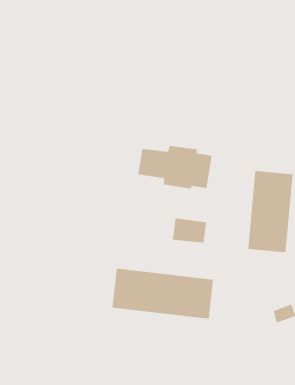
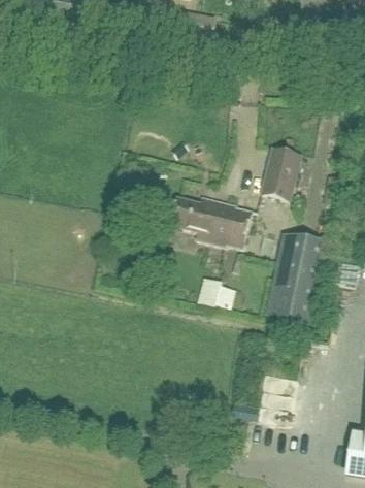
building: none -> [260,148,299,198]
building: [112,268,214,319] -> none

